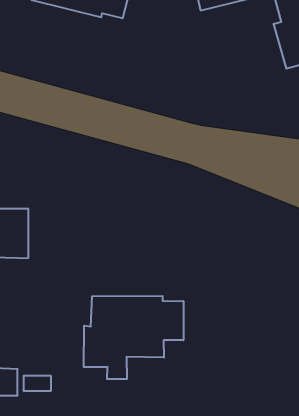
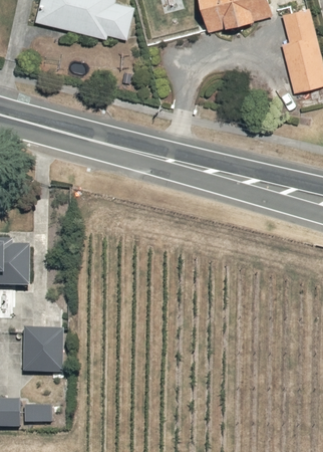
building: [84,296,183,379] -> none
building: none -> [22,327,63,371]

